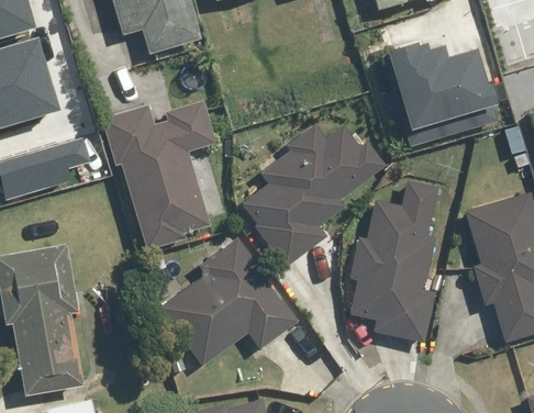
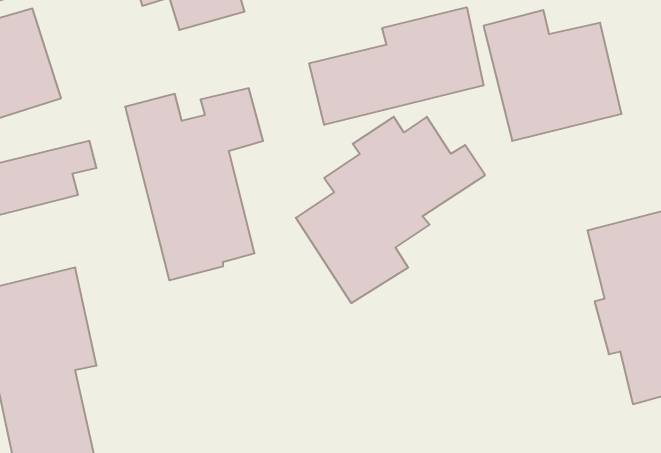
building: none -> [309,7,483,125]
building: [352,185,434,336] -> none
building: [156,231,300,368] -> none

